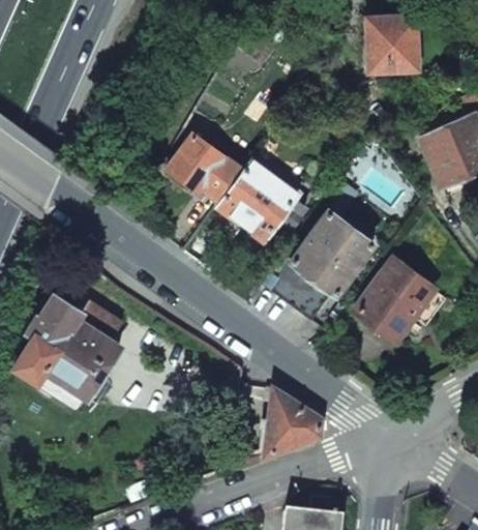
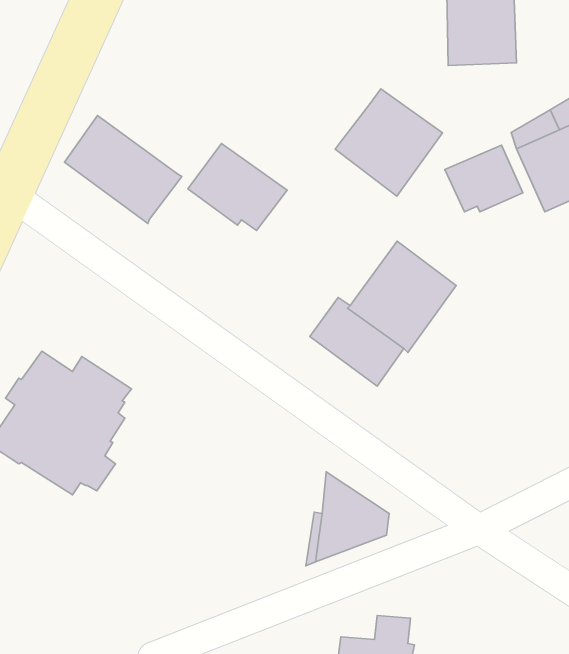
building: none -> [65,115,182,223]
building: none -> [445,145,523,212]
building: [216,159,299,242] -> [335,89,443,196]
building: [356,261,434,341] -> none

